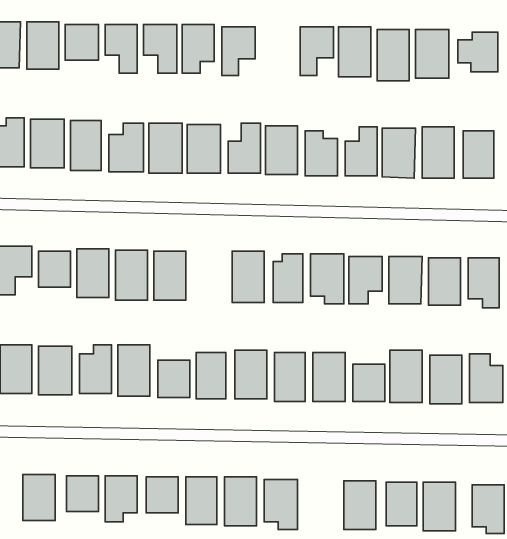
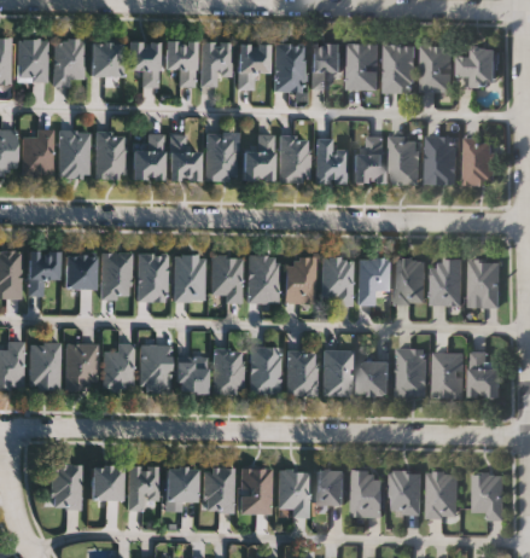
building: none -> [274,43,304,92]
building: none -> [211,256,241,303]
building: none -> [316,470,346,505]

